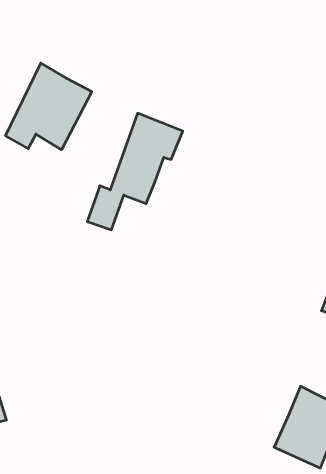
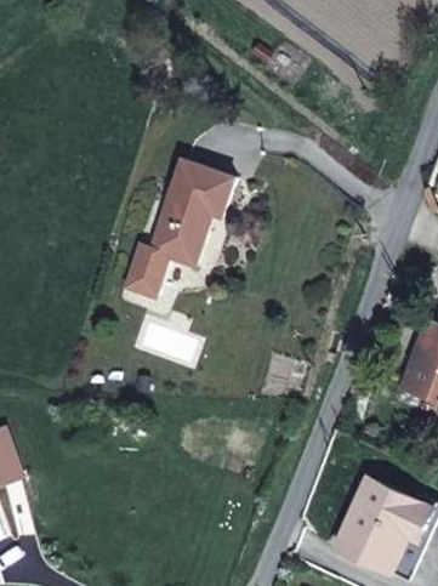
building: [6,63,92,150] -> none

